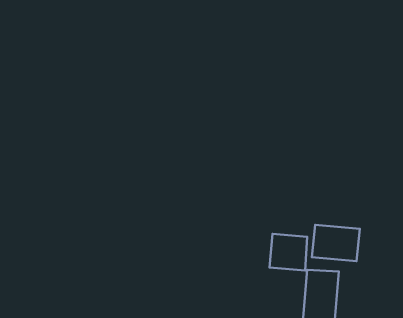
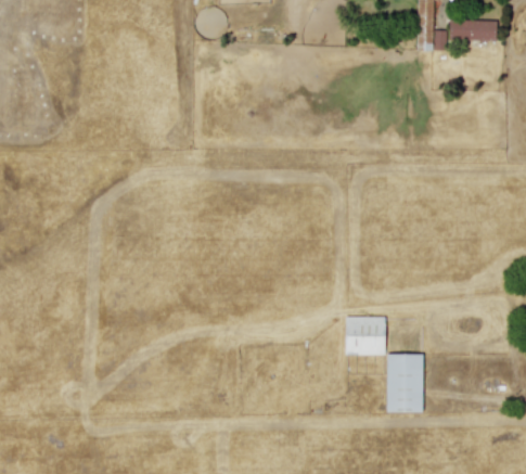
building: [312,225,360,261] -> none

